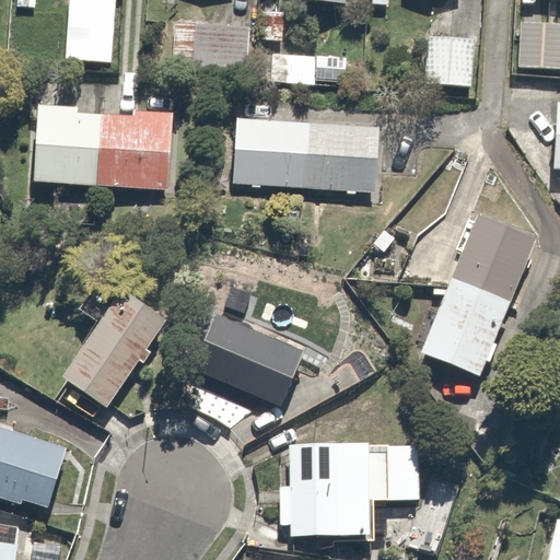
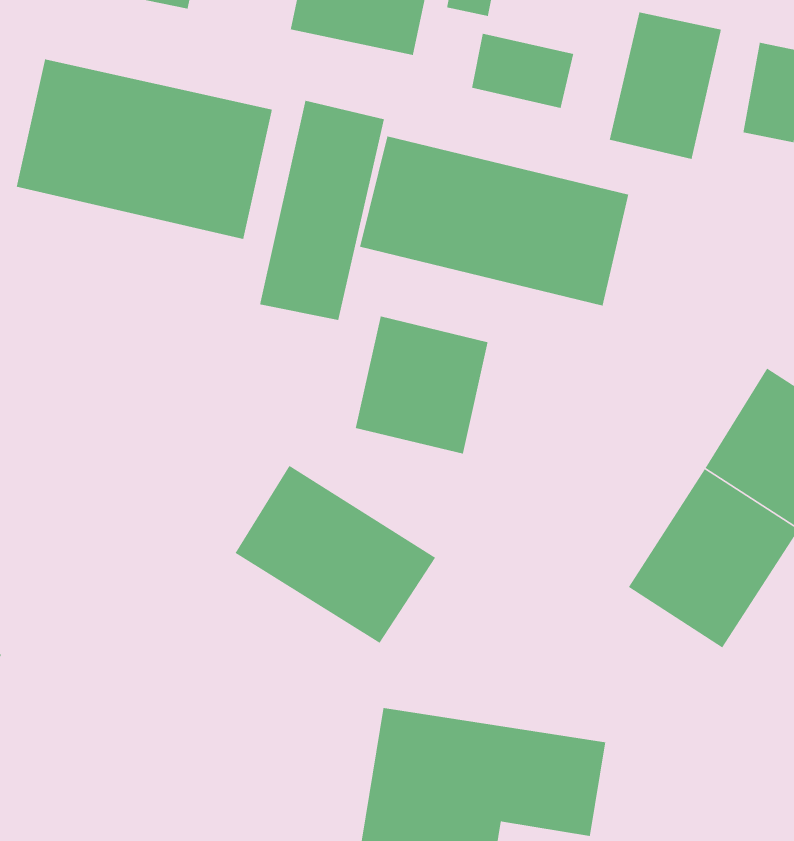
building: none -> [609,12,722,160]
building: none -> [259,100,385,321]
building: none -> [355,316,489,455]
building: [60,290,167,424] -> none

